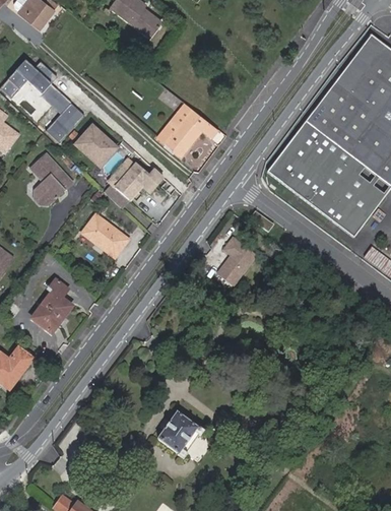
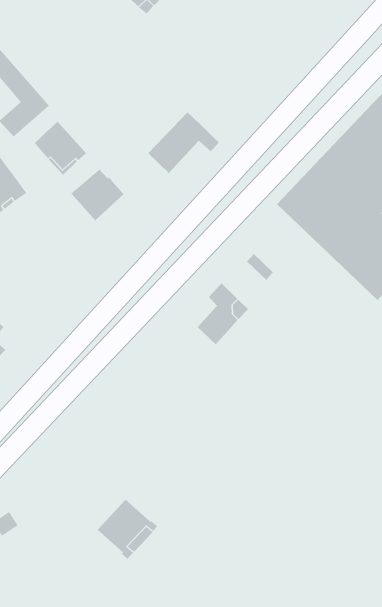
building: [81,214,127,257] -> none

